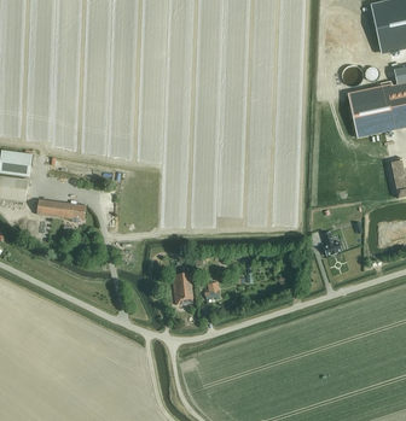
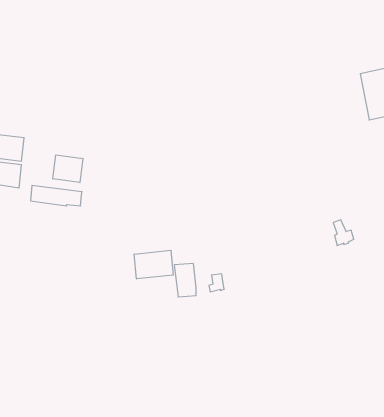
building: none -> [53,155,83,183]
building: none -> [134,250,173,279]

